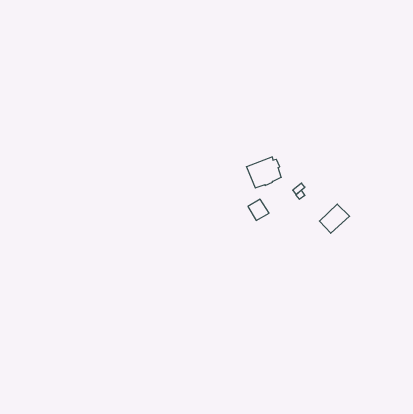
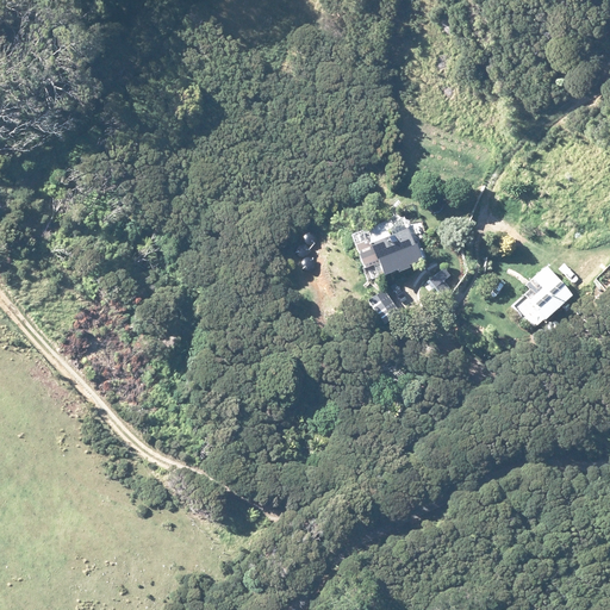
building: [319,204,350,233] -> [527,275,571,318]

